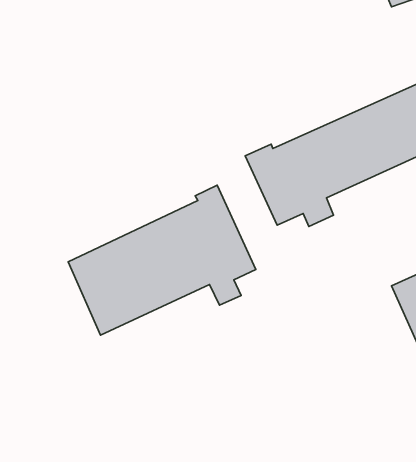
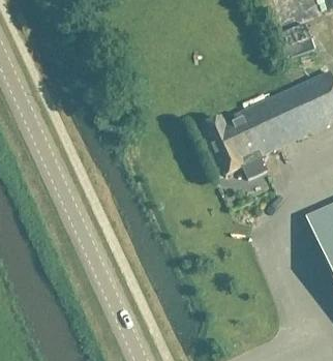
building: [68,185,256,335] -> none

